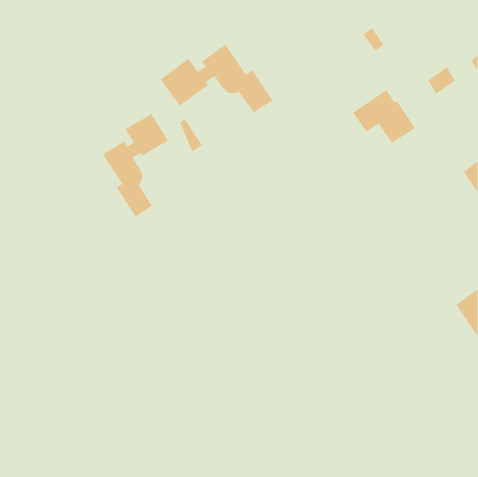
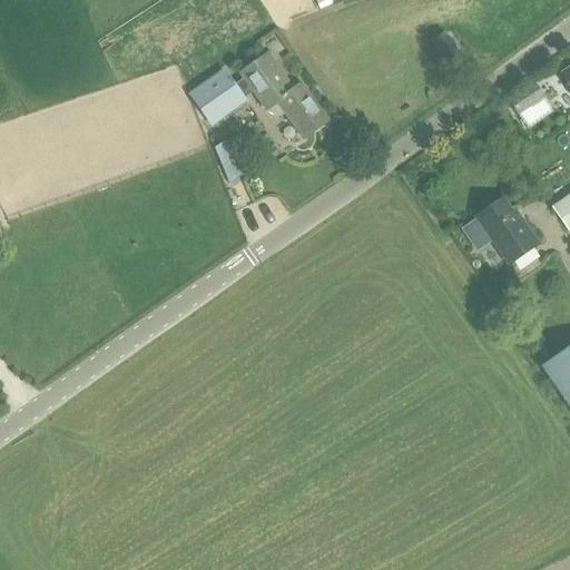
building: [352,90,416,144] -> [462,197,538,262]
building: [102,113,169,217] -> none

